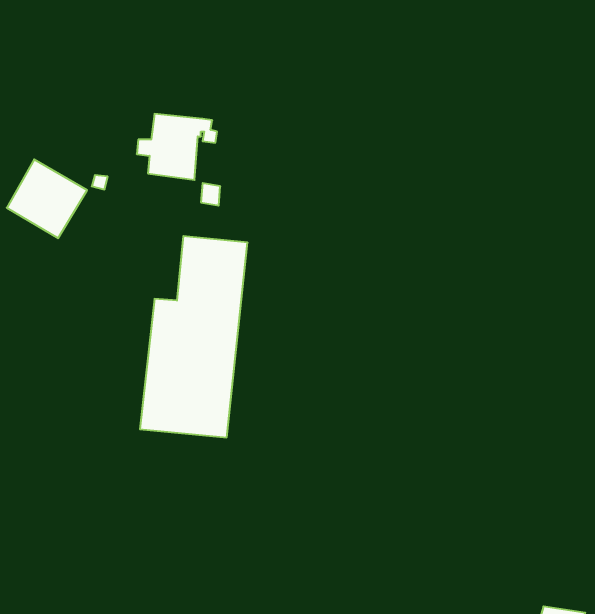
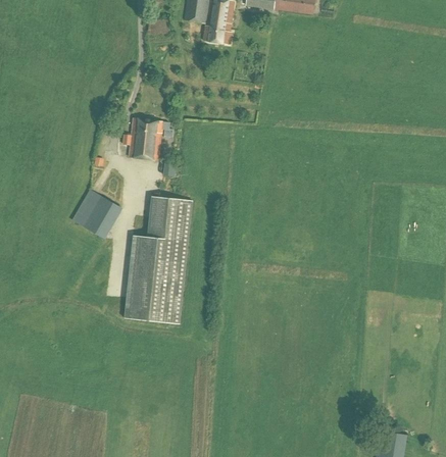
building: [7,159,87,238] -> [71,189,122,239]

